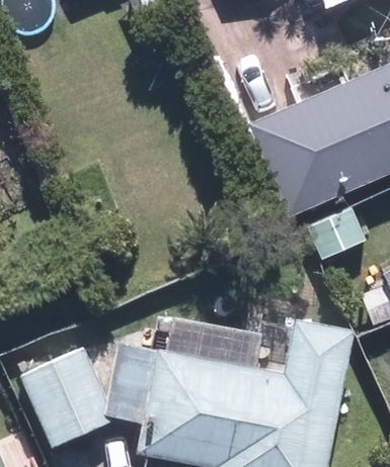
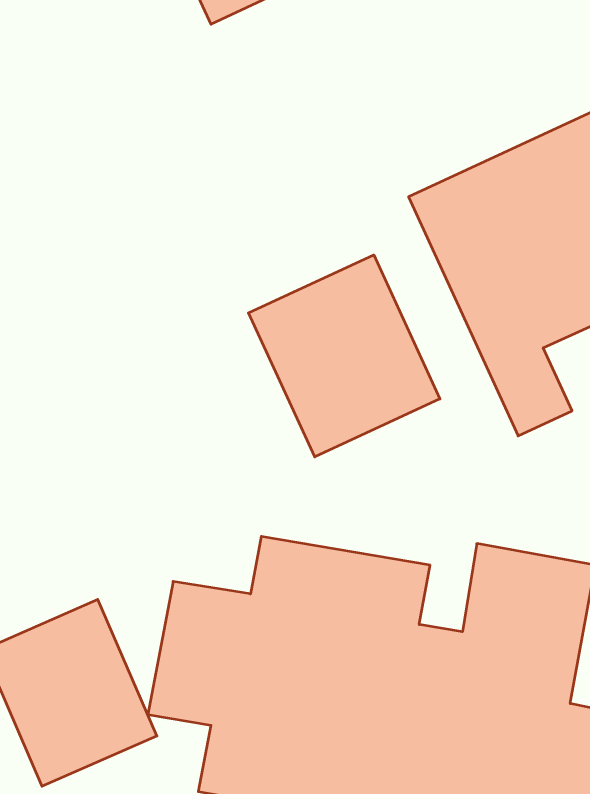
building: none -> [248,255,440,457]

